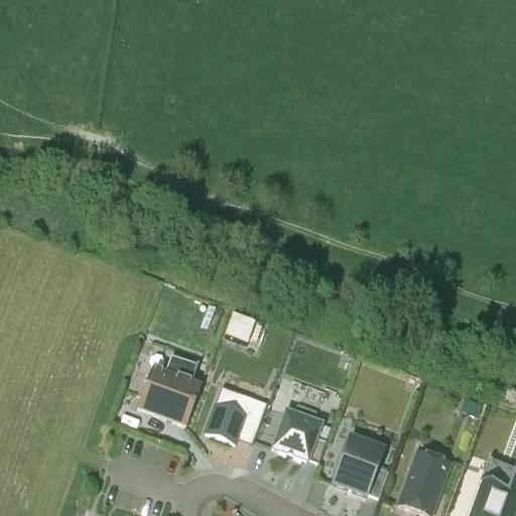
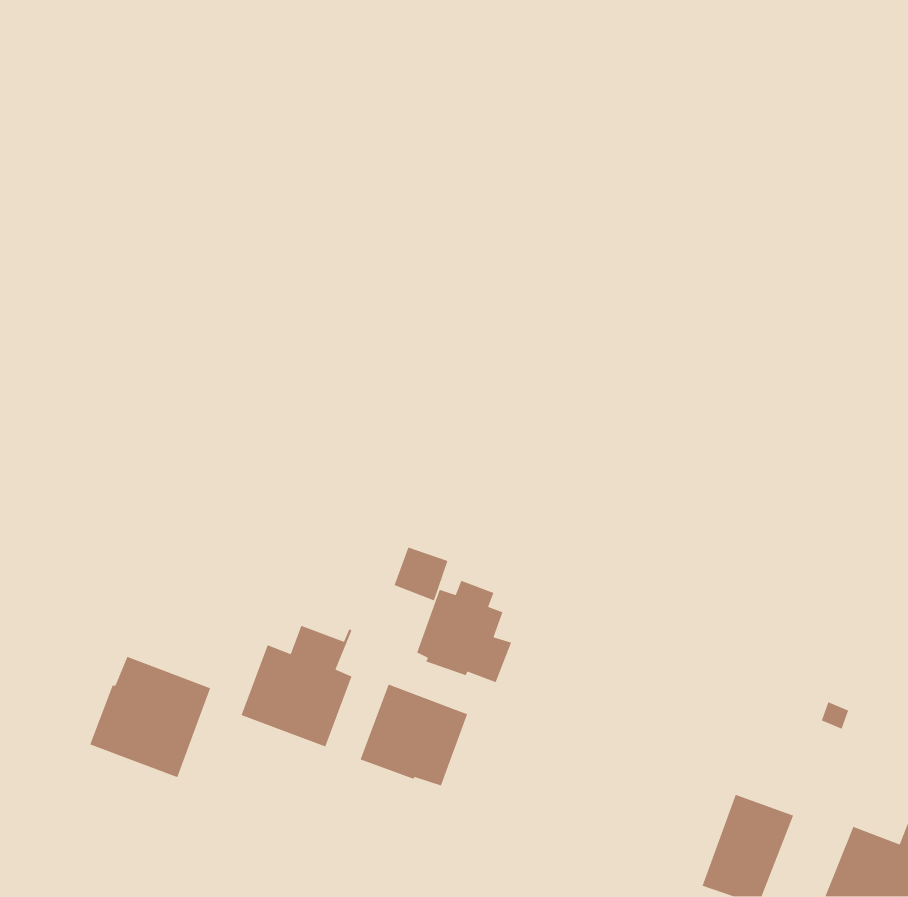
building: none -> [89,656,211,778]
building: [272,404,327,463] -> [416,580,512,683]
building: [333,436,389,495] -> none

